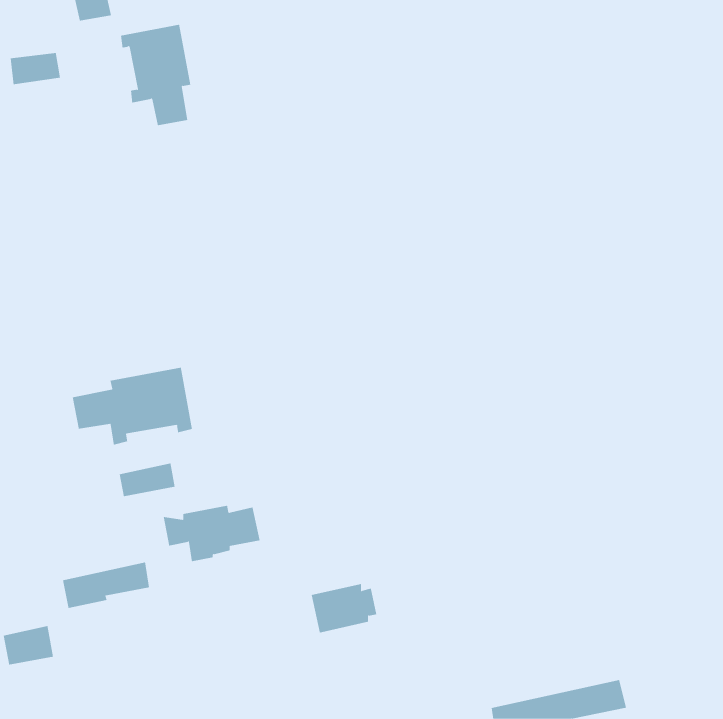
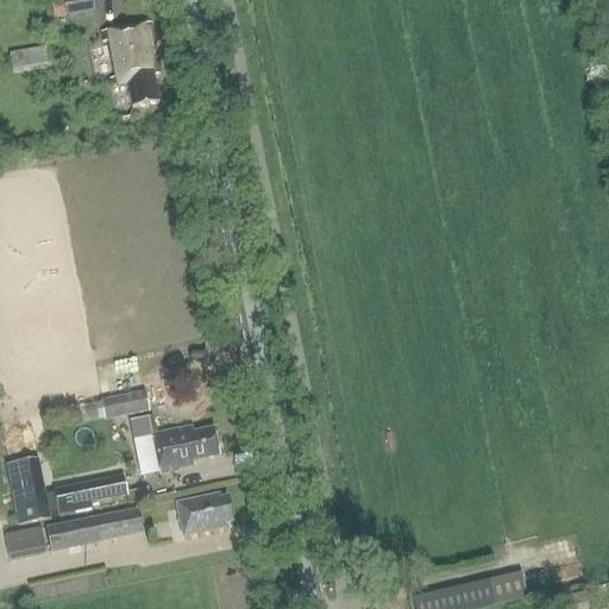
building: [72,367,192,445] -> none
building: none -> [5,457,49,525]
building: [311,583,377,633] -> [176,492,232,534]
building: none -> [45,507,143,550]

